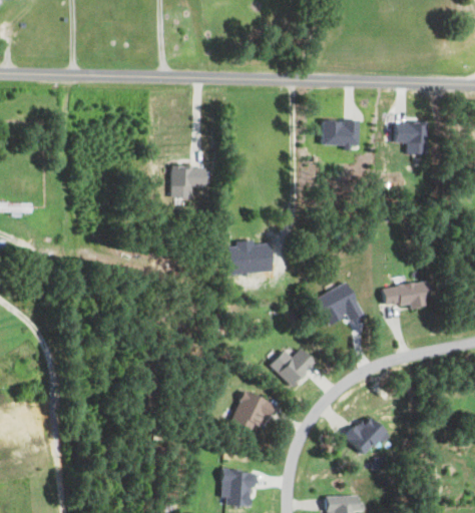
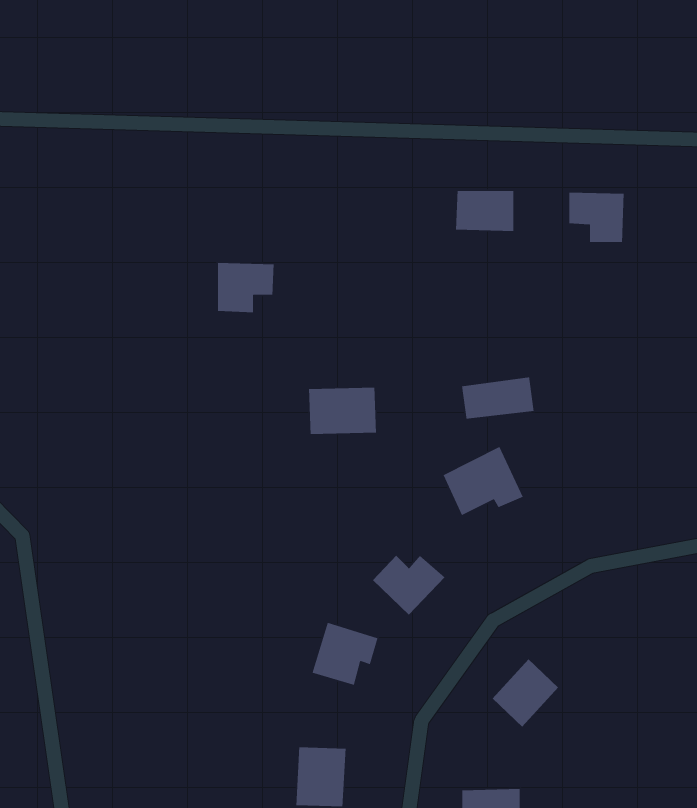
building: [381,281,427,308] -> [461,376,535,420]

